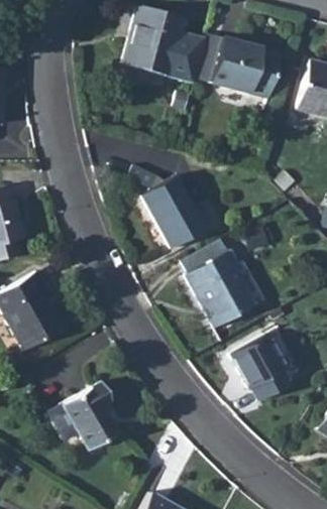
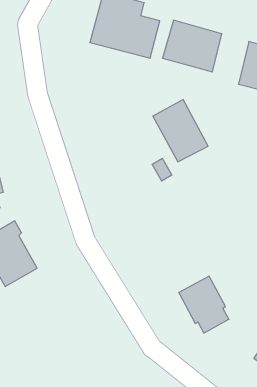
building: [141,175,206,248] -> [153,100,208,162]
building: [185,251,253,328] -> none
building: [50,378,117,446] -> none

